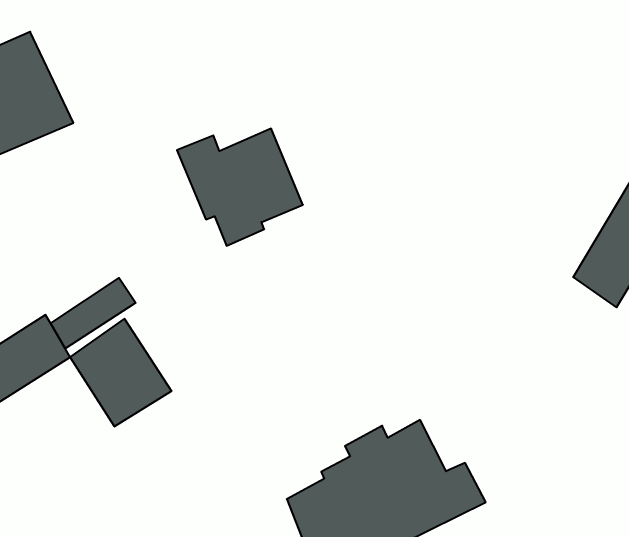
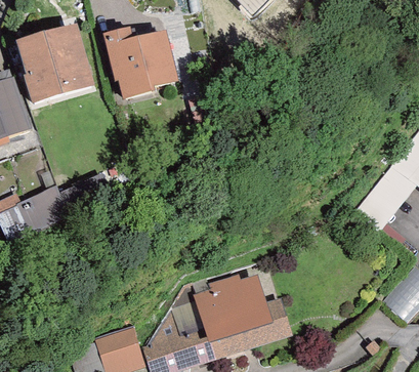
building: [177,129,303,246] -> [111,33,176,95]
building: [70,319,171,427] -> none

